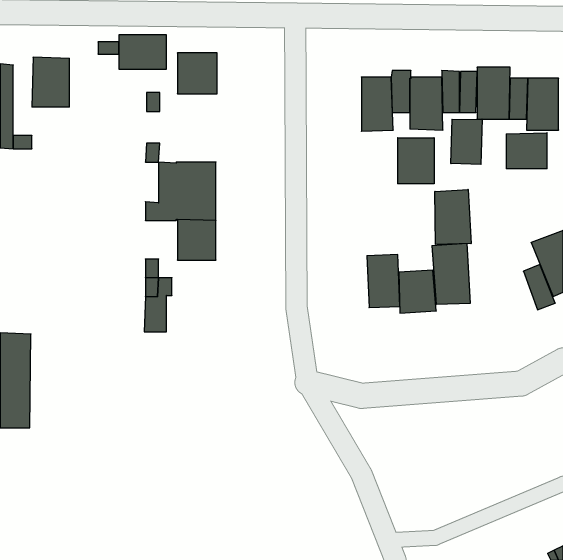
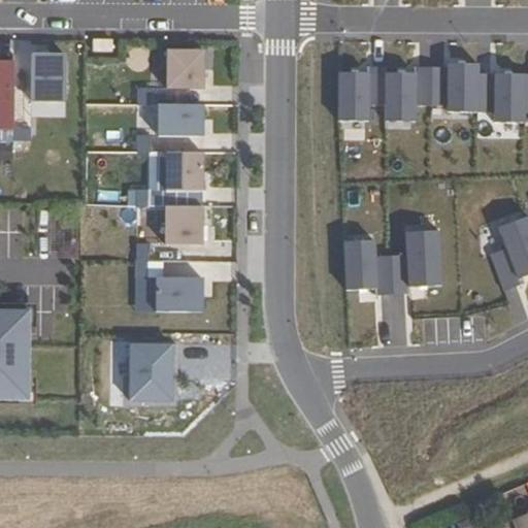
building: [119,35,166,69] -> [159,103,203,135]
building: [451,119,482,164] -> none
building: [506,133,547,169] -> none
building: [398,138,434,184] -> none
building: [435,189,471,244] -> none
building: none -> [156,276,202,310]
building: none -> [129,342,172,399]

